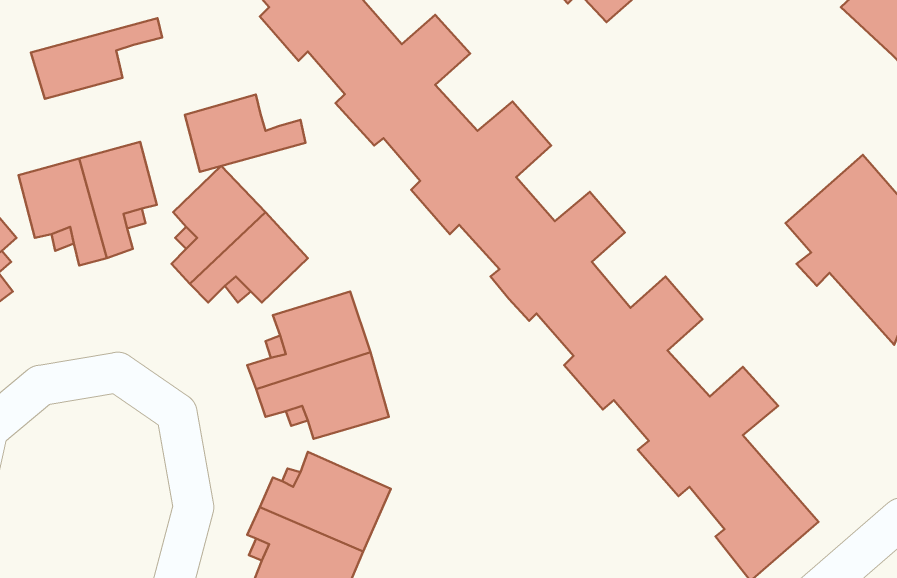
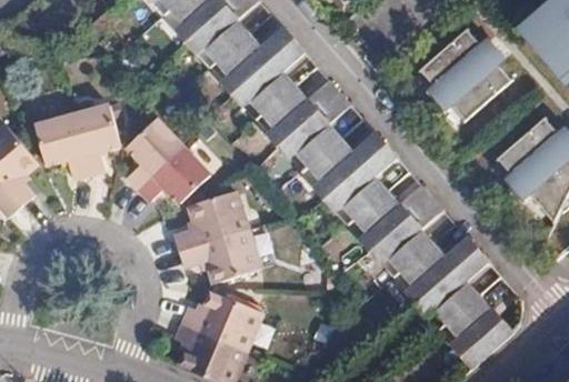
building: [31,18,162,99] -> none
building: none -> [422,29,512,120]
building: [185,94,305,172] -> none

